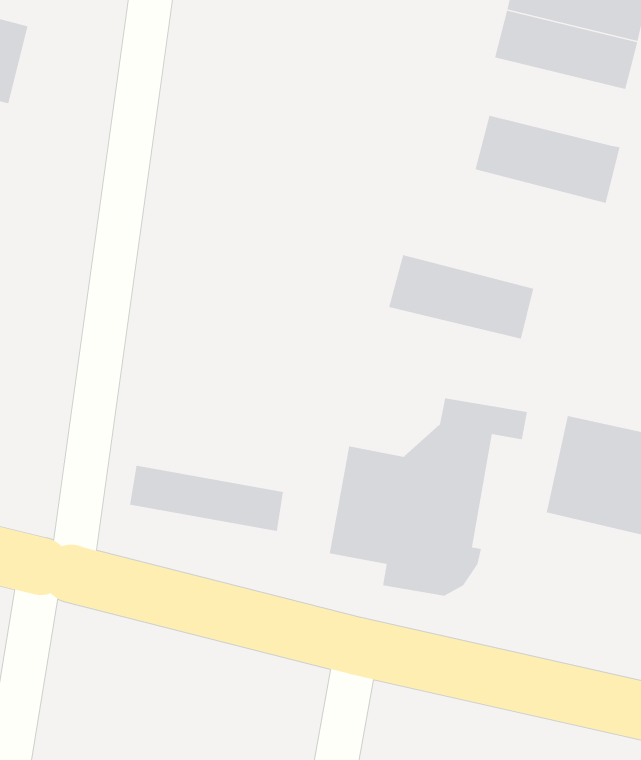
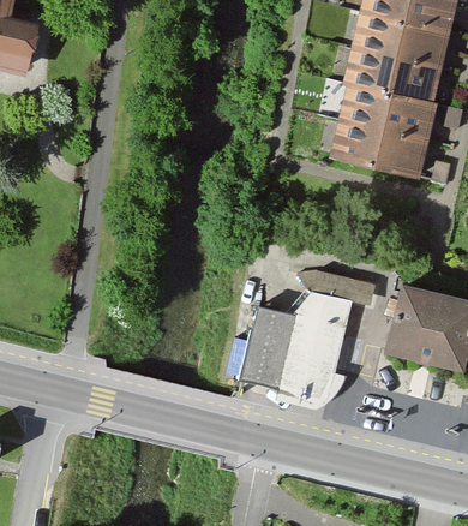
building: none -> [344,43,442,102]
building: [388,254,534,340] -> [330,119,428,177]
building: [129,465,284,532] -> none

